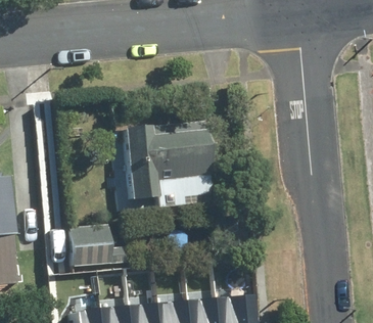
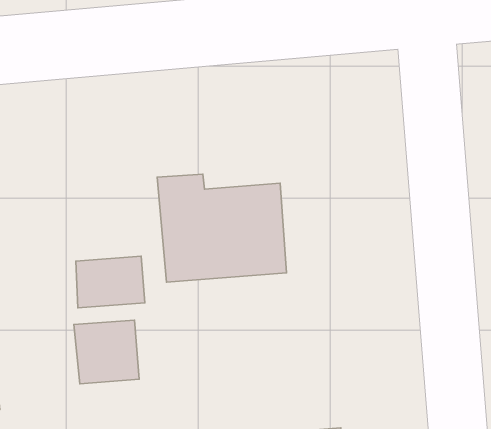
building: none -> [76,256,145,308]

